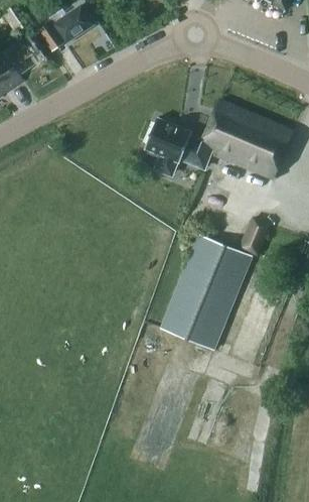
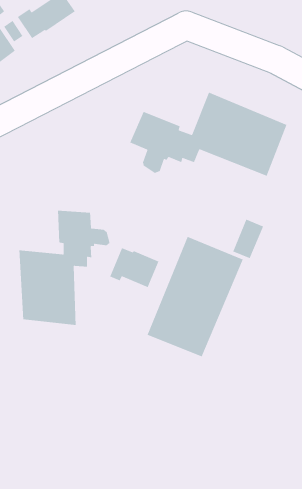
building: none -> [18,210,110,326]
building: none -> [109,247,159,288]

